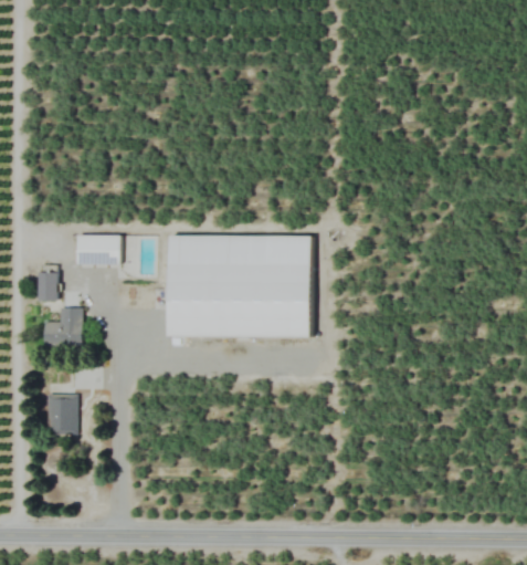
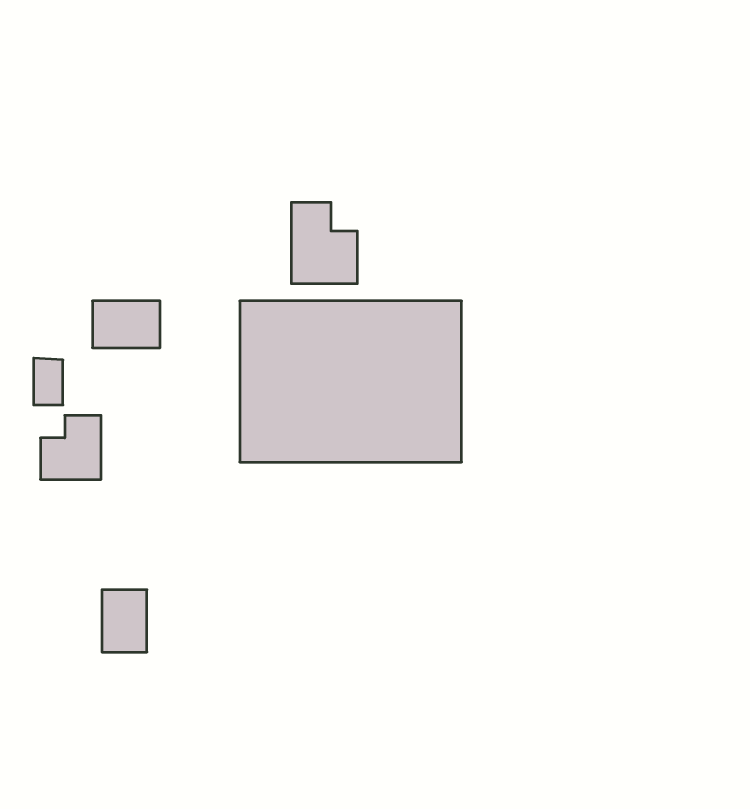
building: none -> [291,202,357,284]
building: [46,393,75,432] -> [102,590,147,652]

